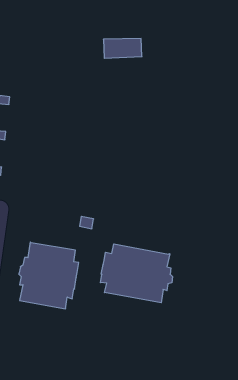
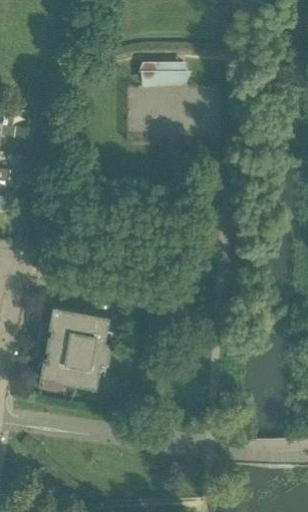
building: [100,244,172,303] -> none

